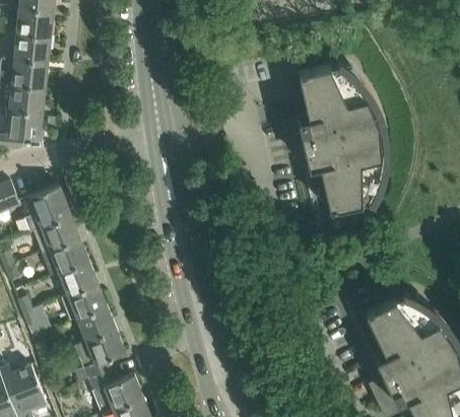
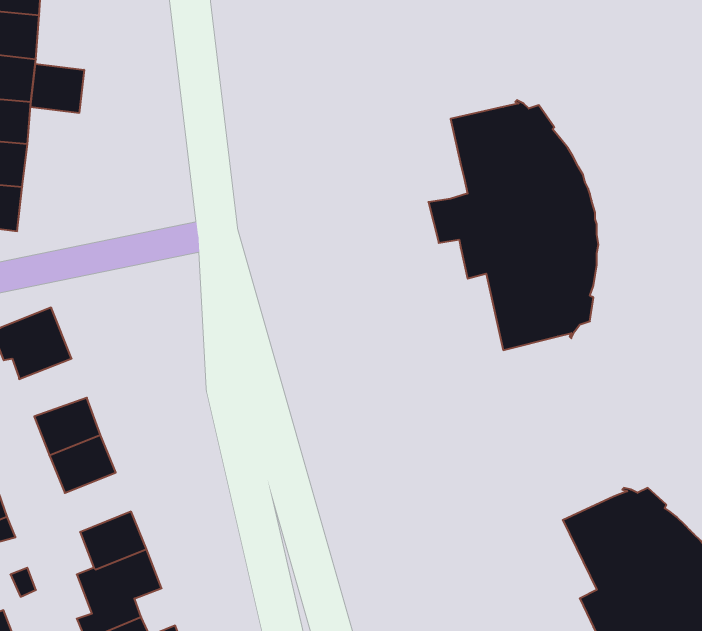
building: none -> [30,64,84,113]
building: [32,215,80,253] -> none
building: [67,283,107,319] -> none

